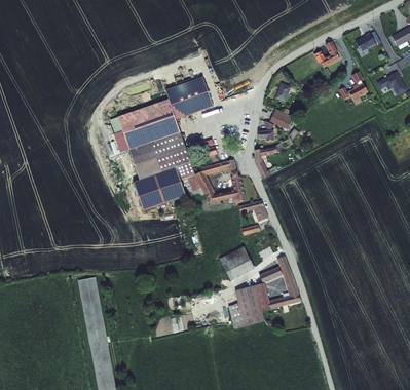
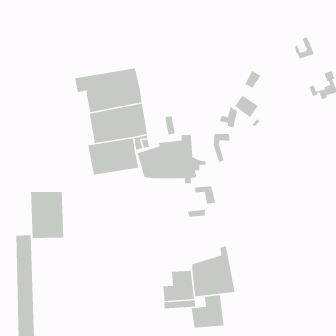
building: [164,76,212,118] -> none
building: none -> [30,191,64,239]
building: [219,246,258,280] -> none
building: none -> [191,295,224,329]

